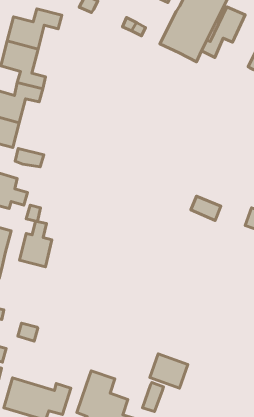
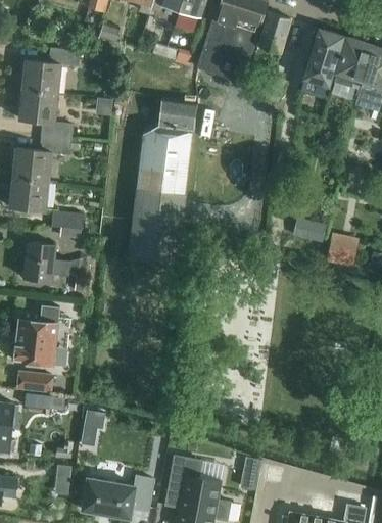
building: none -> [128,97,198,264]
building: [191,196,221,220] -> [293,218,327,242]
building: [19,221,52,267] -> none
building: [150,354,188,388] -> none

